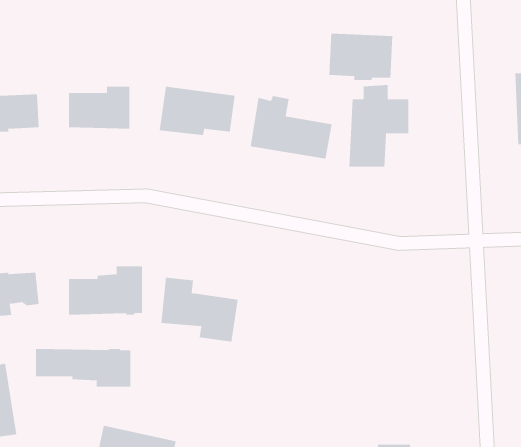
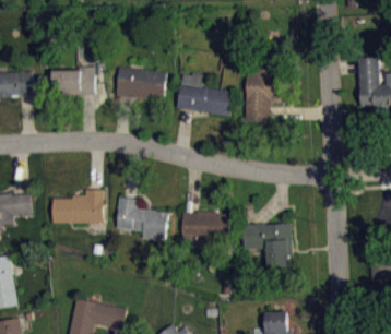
building: [329,33,393,81] -> none
building: none -> [181,211,229,248]
building: none -> [244,222,292,267]
building: [35,348,131,387] -> none

